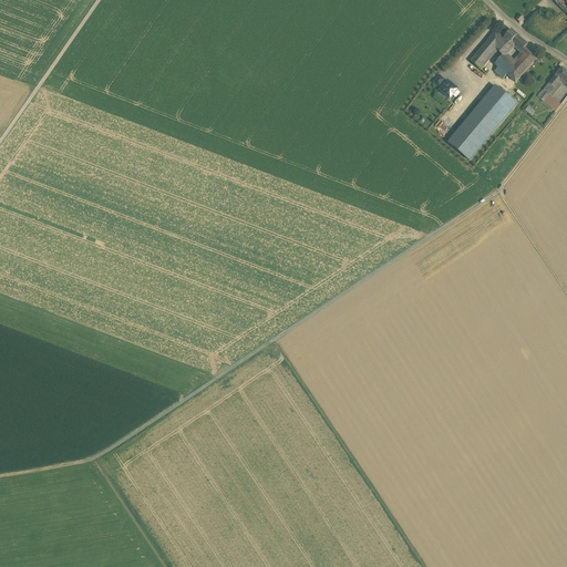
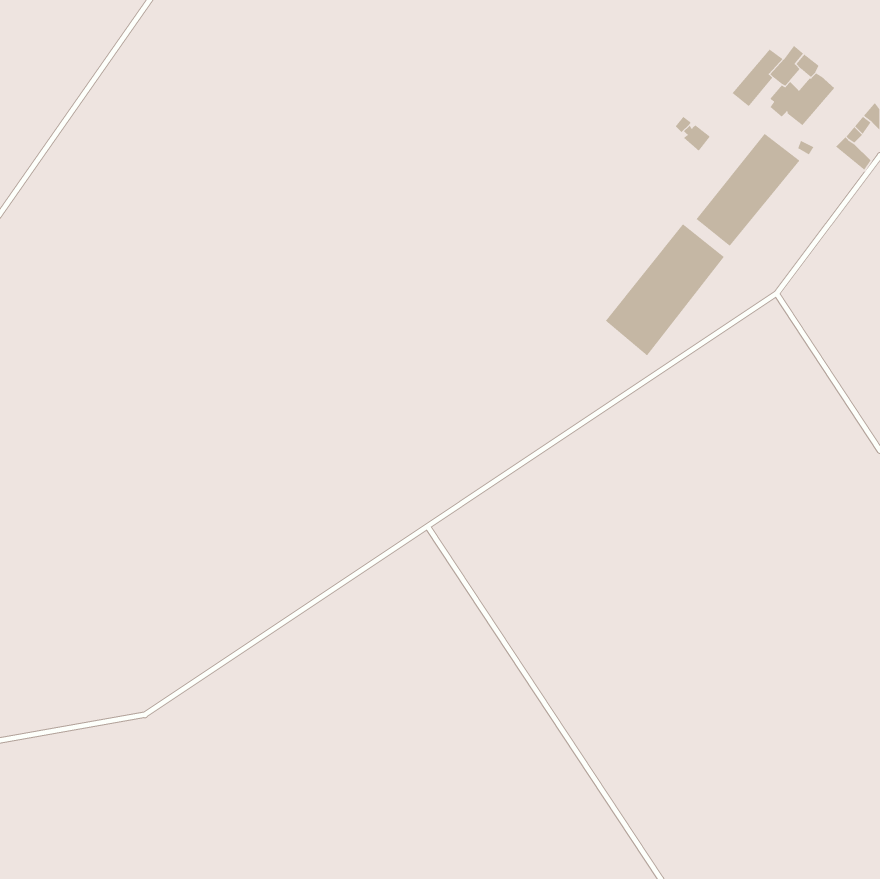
building: none -> [605,223,725,357]

